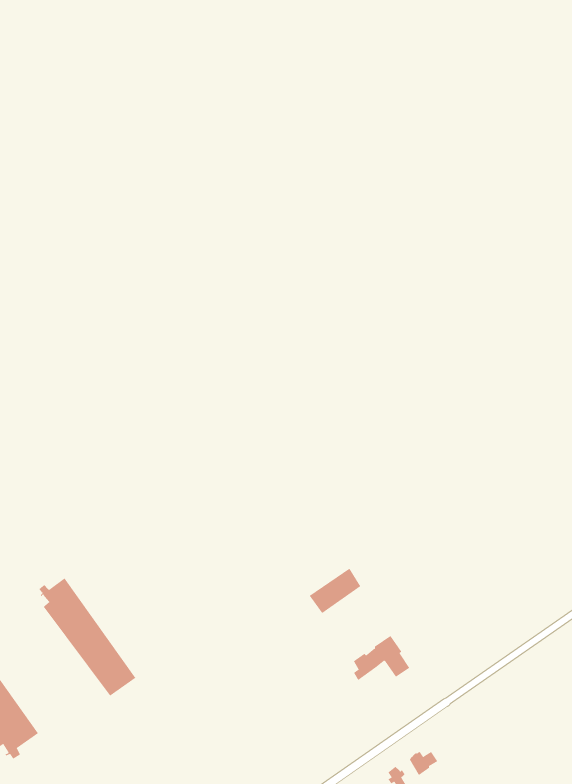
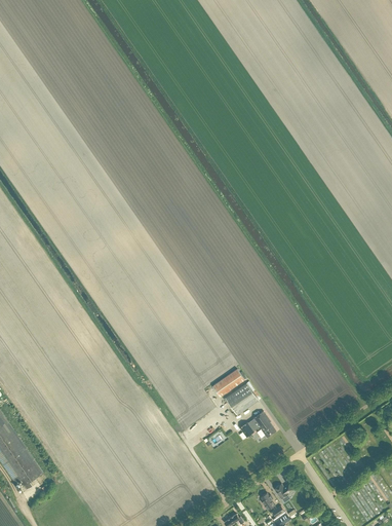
building: [39,577,136,697] -> none
building: none -> [226,382,260,415]

